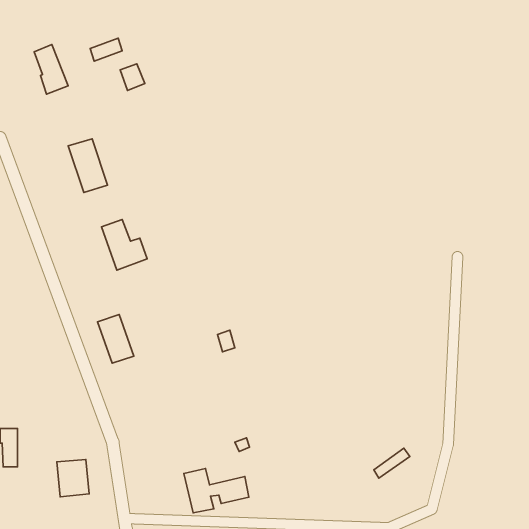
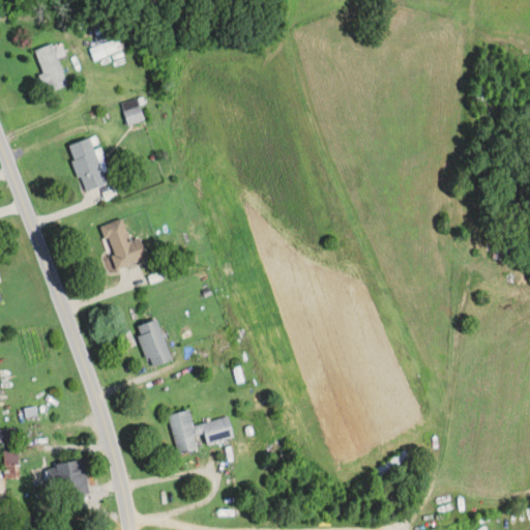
building: [120,64,145,91] -> [120,99,145,126]
building: [98,315,134,363] -> [136,320,172,369]
building: [184,468,249,513] -> [169,409,234,453]

